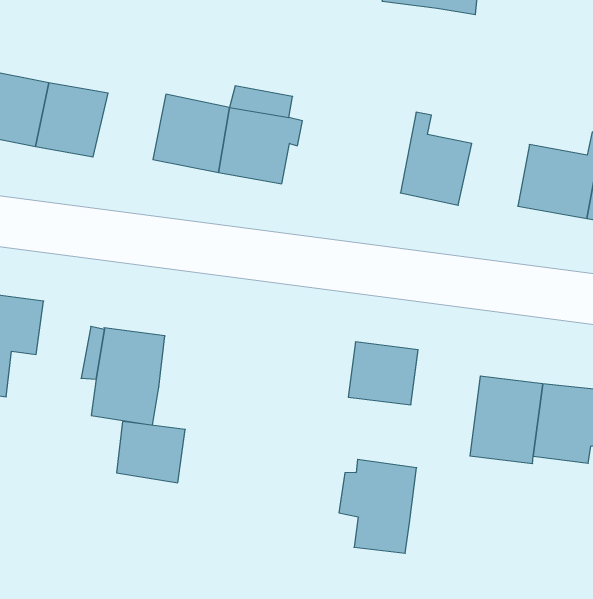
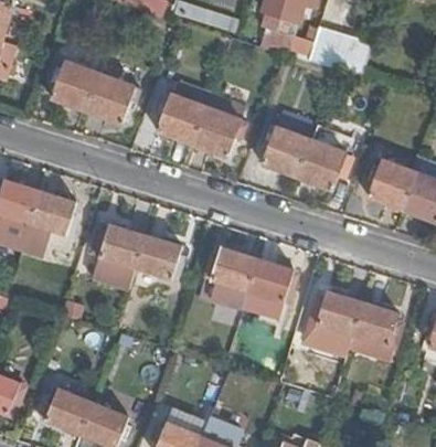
building: none -> [262,114,318,175]
building: [117,422,185,483] -> [135,236,180,278]
building: [339,459,417,553] -> [205,248,256,309]

